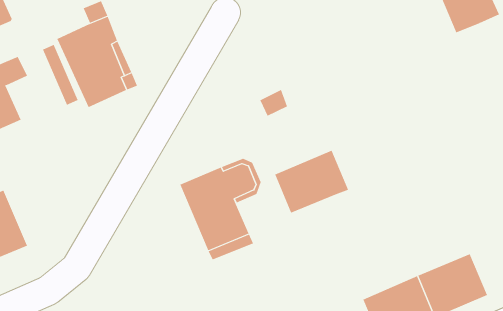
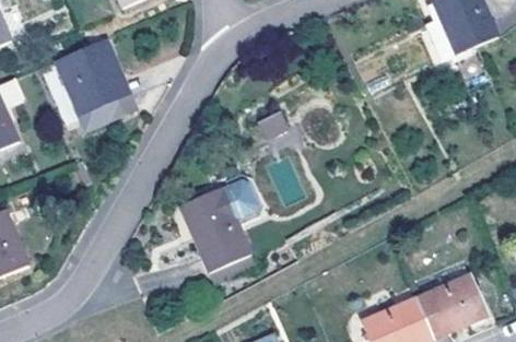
building: [274,150,349,213] -> none

